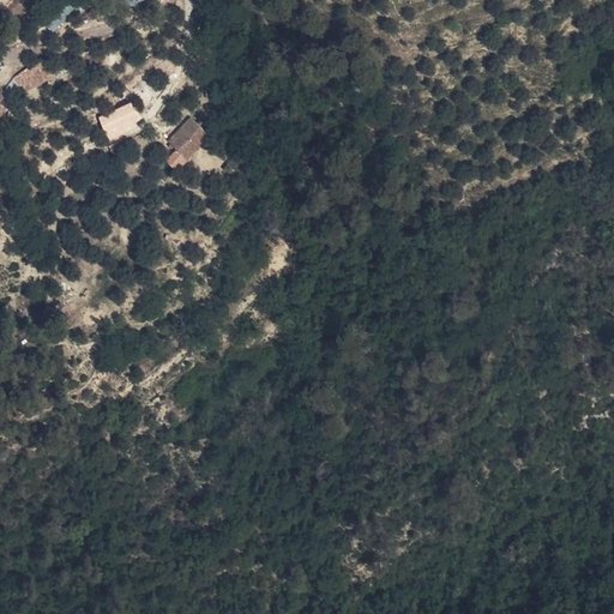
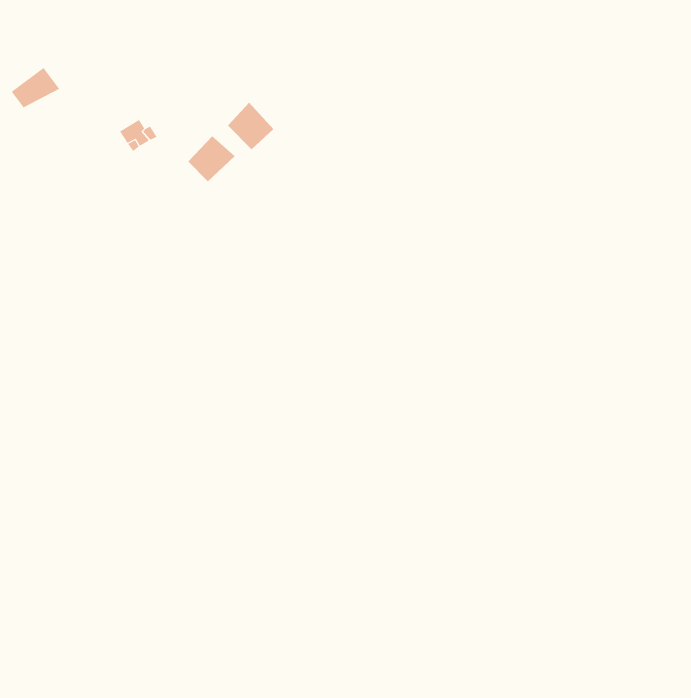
building: none -> [227,102,274,150]

